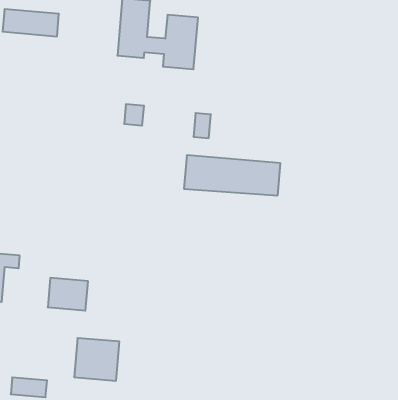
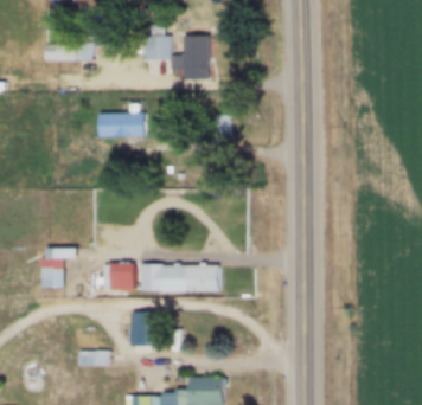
building: none -> [100,114,146,137]
building: [184,155,280,195] -> [141,265,220,294]

